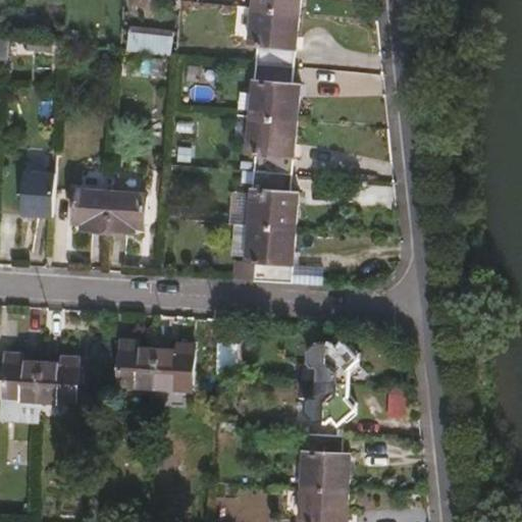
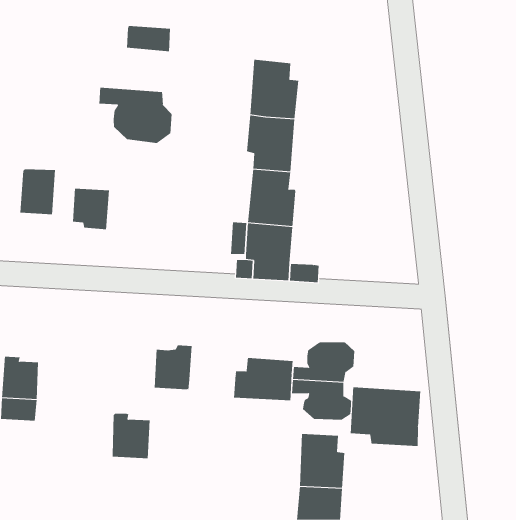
building: [250,4,297,63] -> none
building: none -> [99,87,172,144]
building: [107,191,146,232] -> none
building: [117,343,156,388] -> [112,413,151,459]
building: none -> [233,357,293,401]
building: [38,361,77,403] -> none
building: none -> [350,387,421,447]

